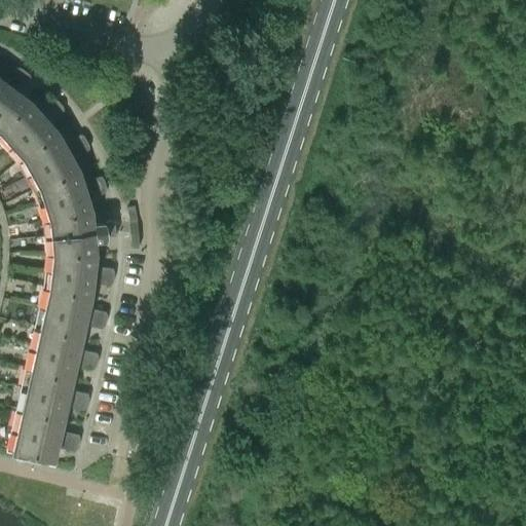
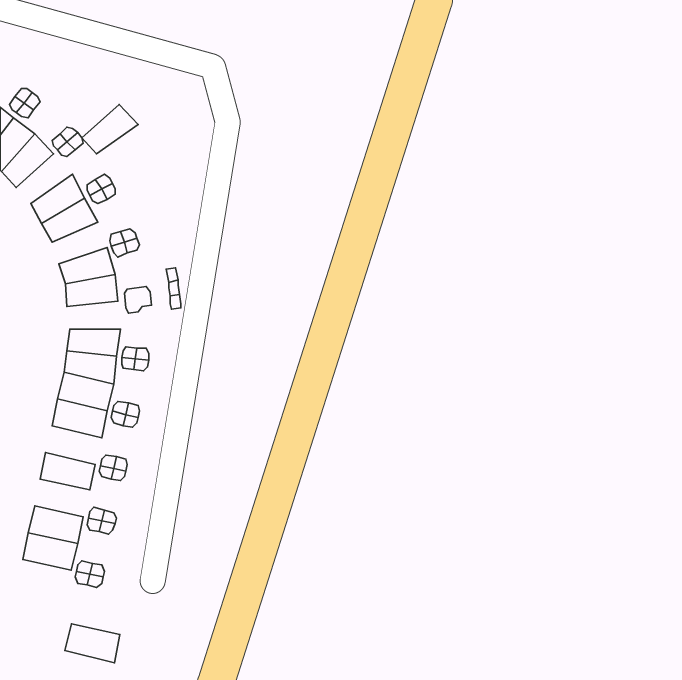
building: [14,121,58,159] -> [82,104,138,154]
building: [42,174,84,205] -> none
building: [53,234,95,256] -> none
building: [37,330,80,360] -> none
building: [29,371,71,400] -> none
building: [14,433,57,462] -> [65,624,120,663]

